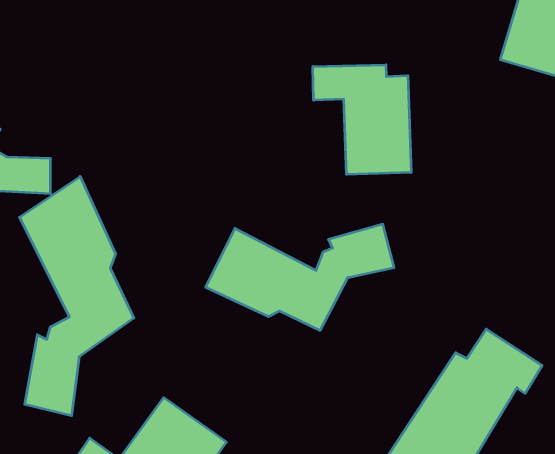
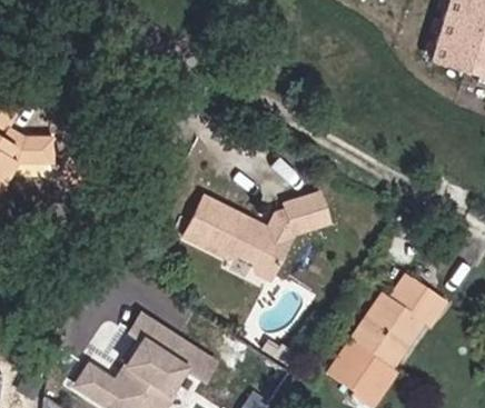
building: [313,65,411,174] -> none
building: [19,176,134,416] -> none

